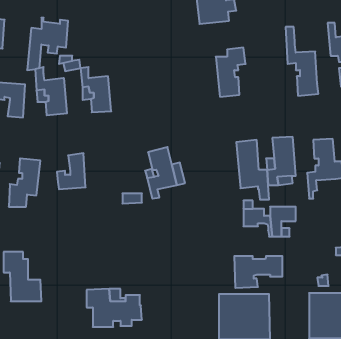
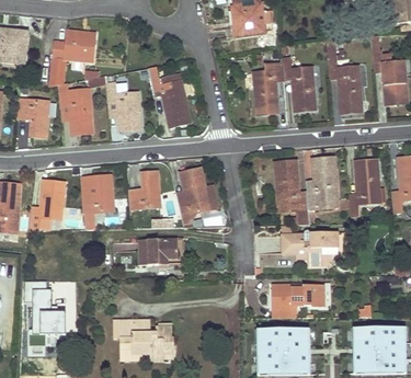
building: none -> [282,57,316,111]
building: none -> [148,66,190,126]
building: none -> [129,171,160,209]
building: none -> [138,238,178,264]

